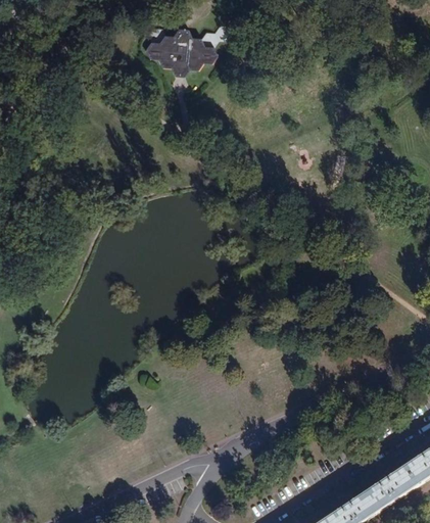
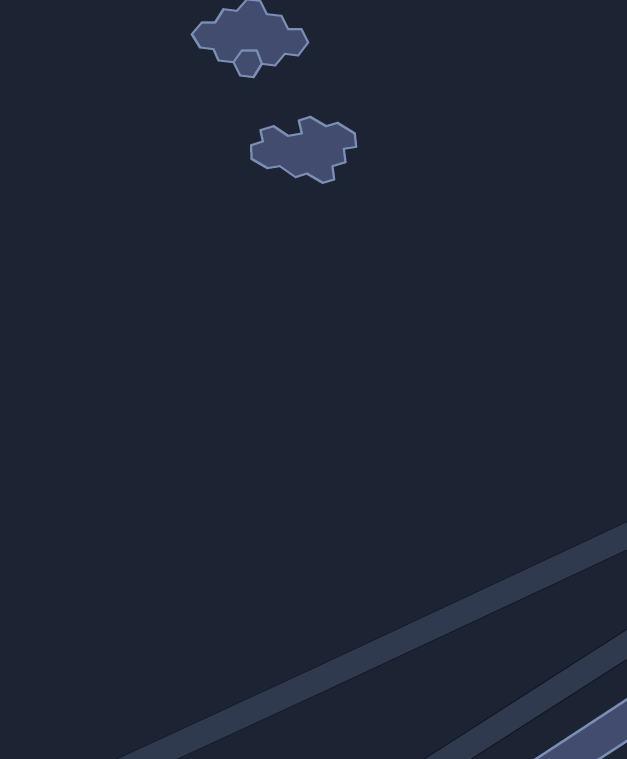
building: none -> [251,117,356,183]

